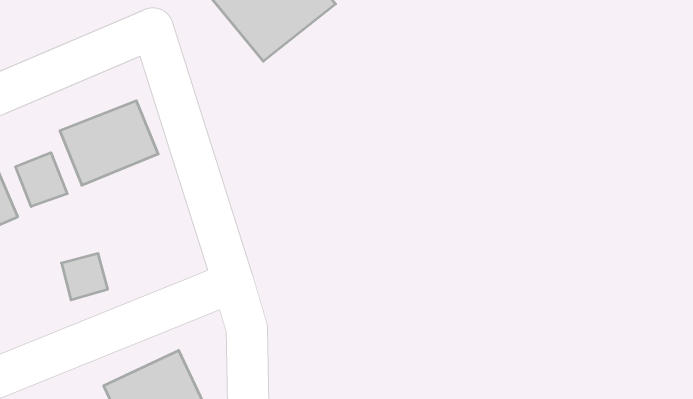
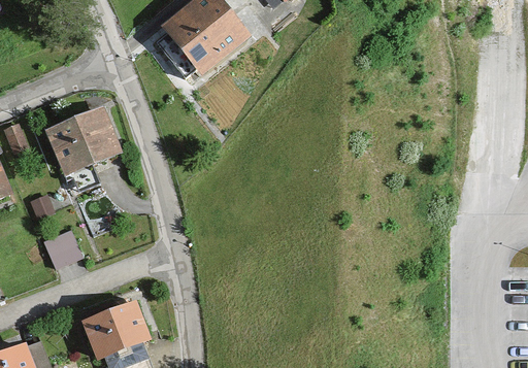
building: [16,153,67,207] -> none

